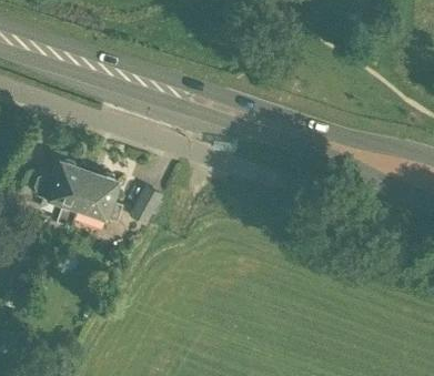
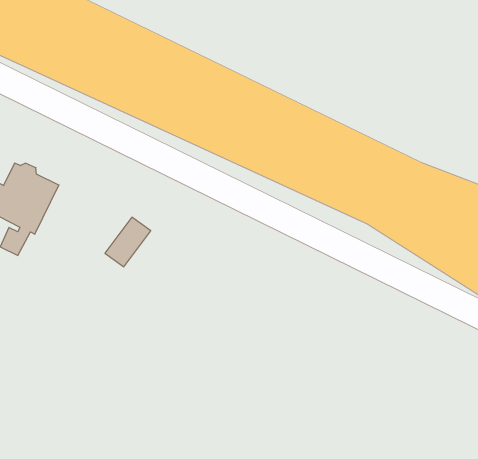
building: [80,172,123,221] -> none

